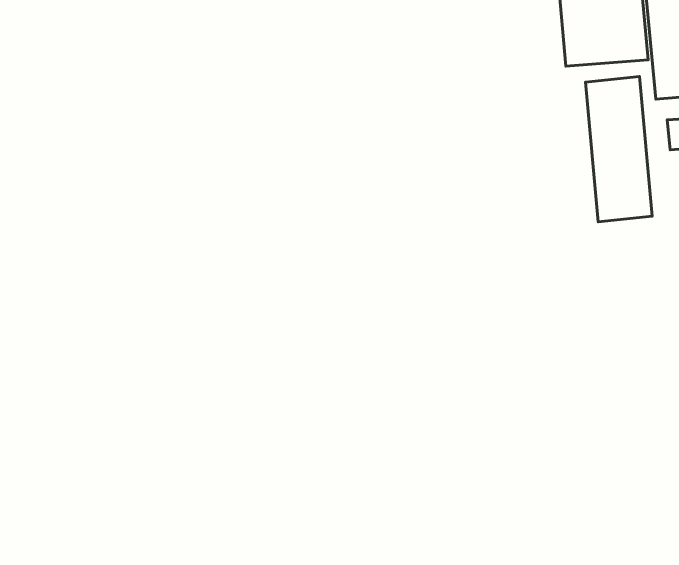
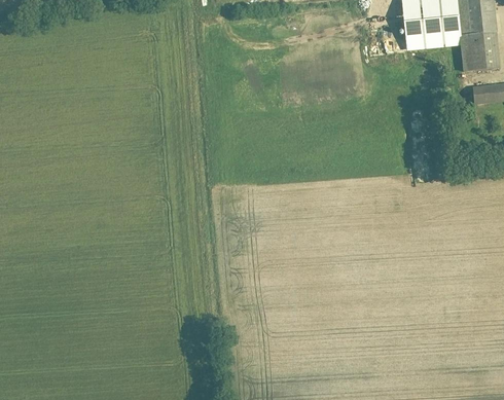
building: [585,77,652,222] -> none

